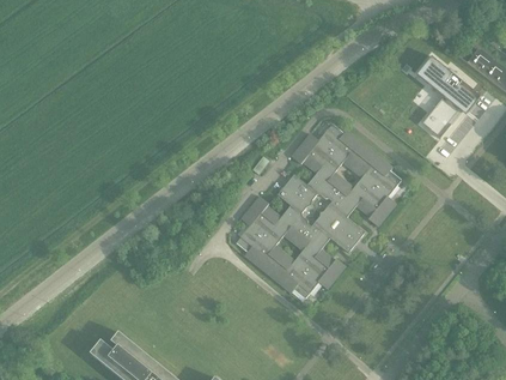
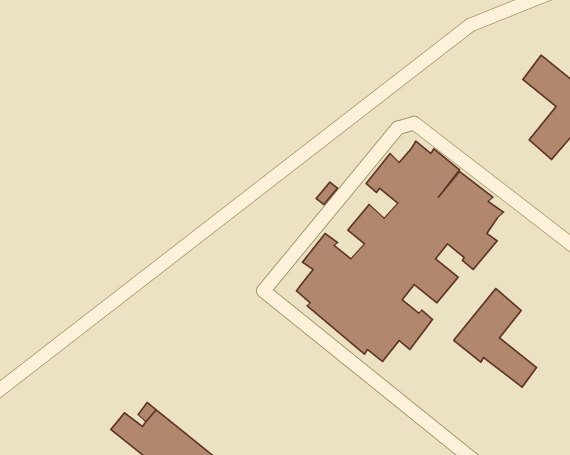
building: none -> [454,289,536,387]

